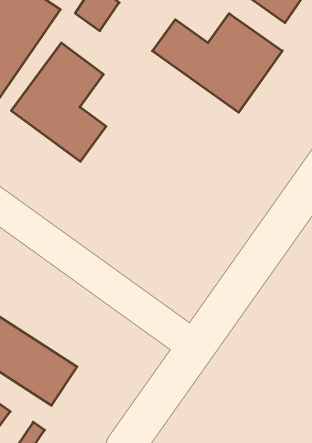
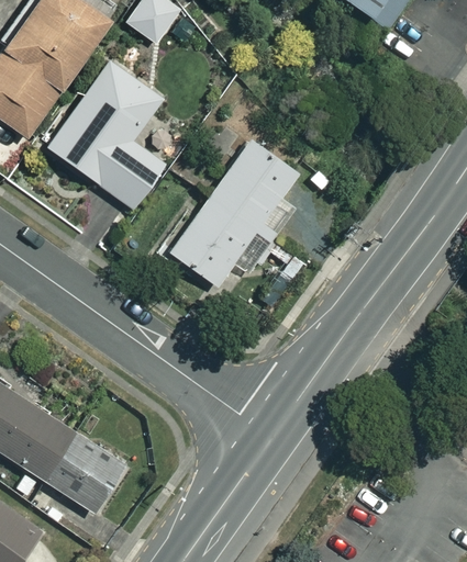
building: [152,14,282,112] -> none
building: none -> [170,139,297,286]

